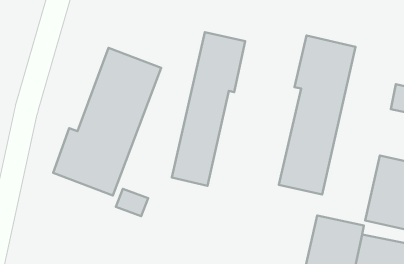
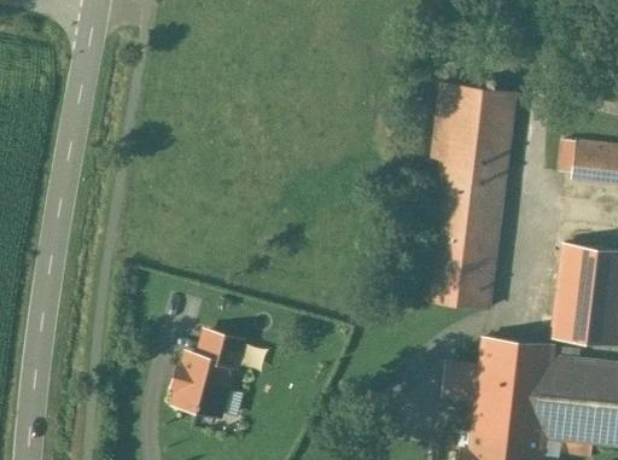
building: [172,32,245,186] -> none
building: [53,48,161,195] -> none
building: none -> [175,353,237,415]

